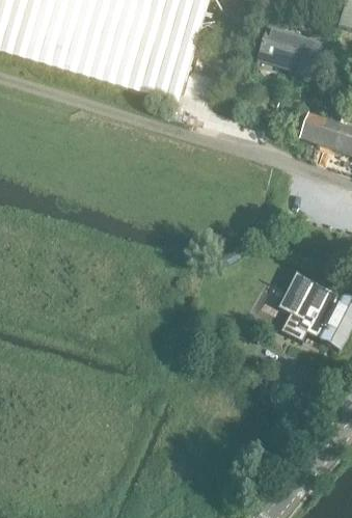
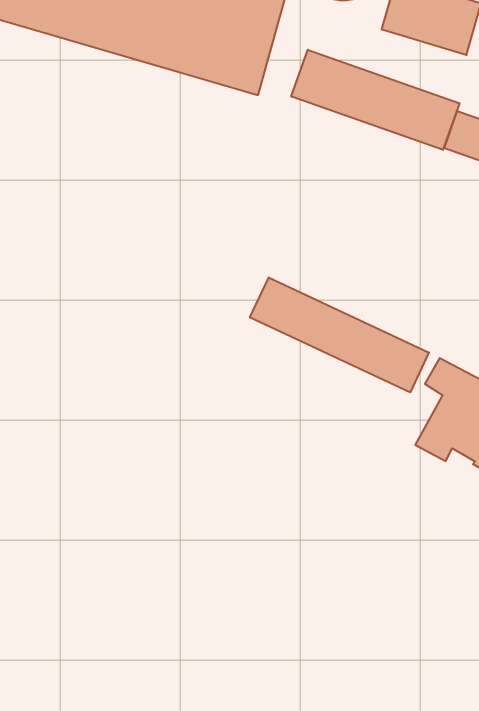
building: none -> [291,50,459,150]
building: none -> [250,277,429,392]

